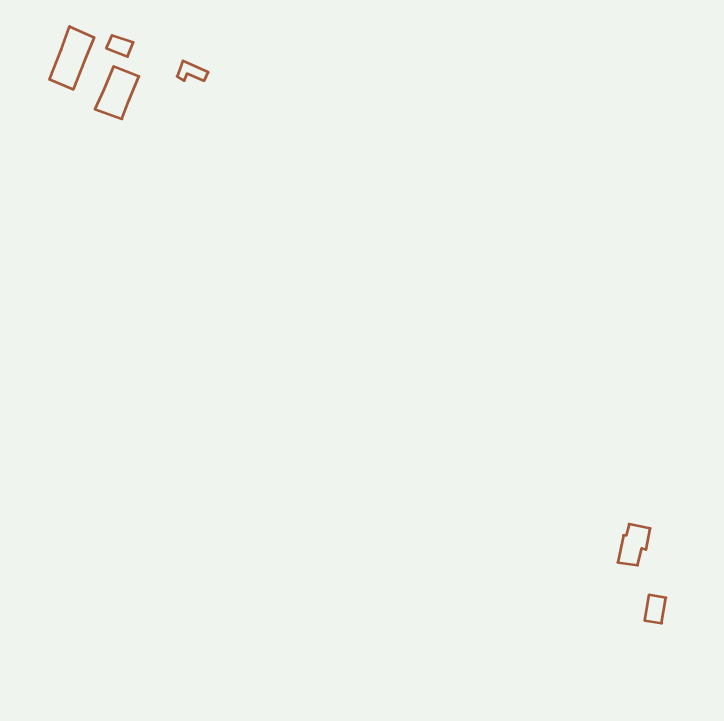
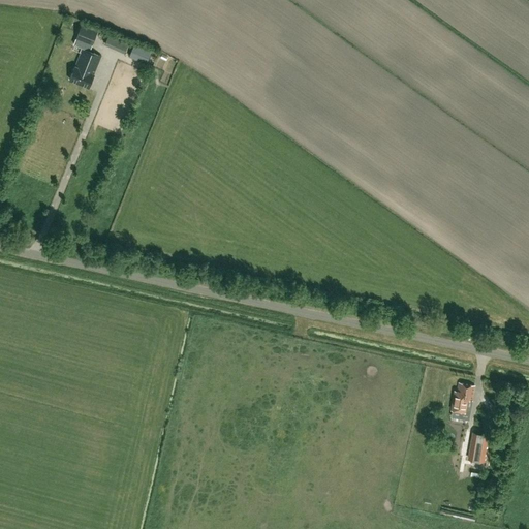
building: [50,26,94,89] -> none

